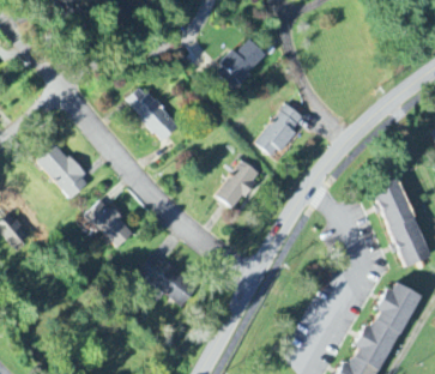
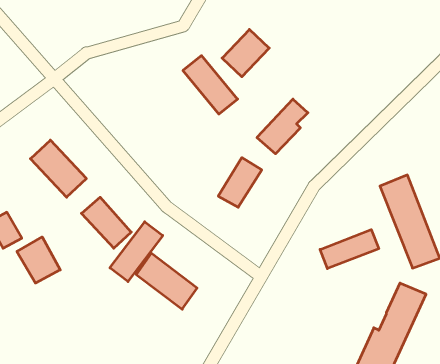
building: [125,85,177,141] -> [183,56,238,114]
building: none -> [110,222,163,282]
building: none -> [320,230,379,269]
building: none -> [17,237,60,283]

